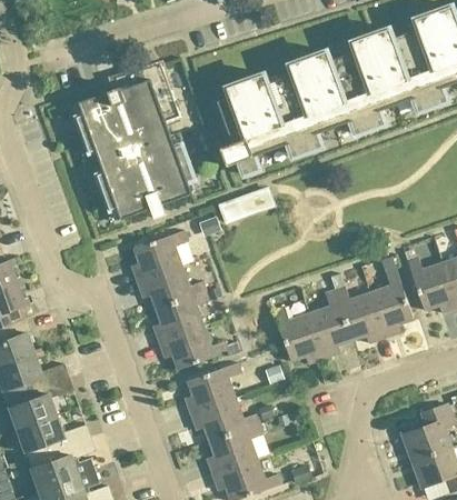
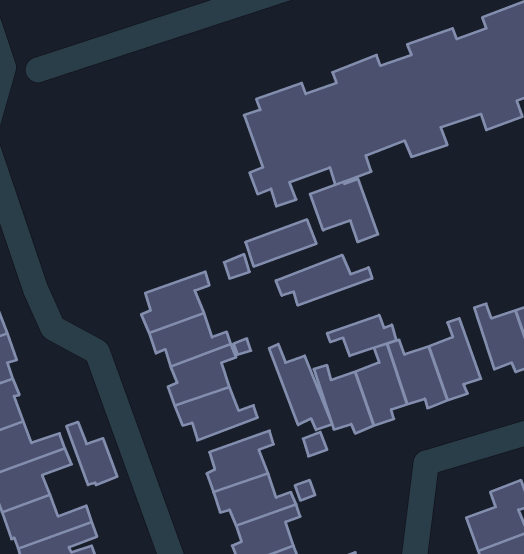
building: [76,62,193,219] -> none
building: none -> [310,179,378,242]
building: none -> [276,255,372,305]
building: none -> [327,315,396,356]
building: none -> [269,344,332,430]
building: none -> [67,422,117,485]

